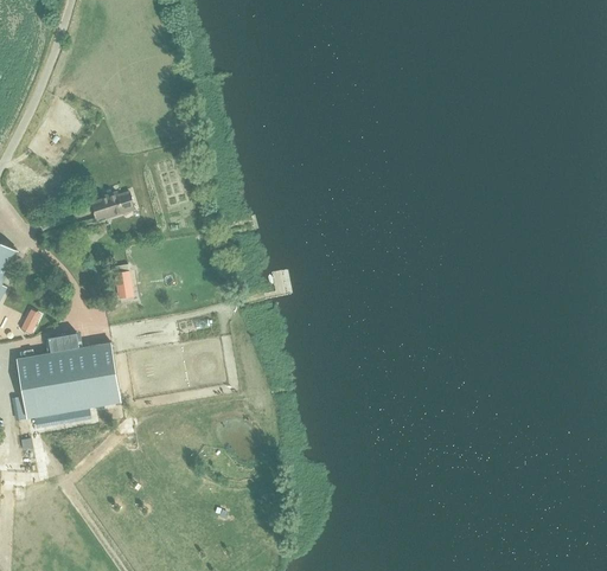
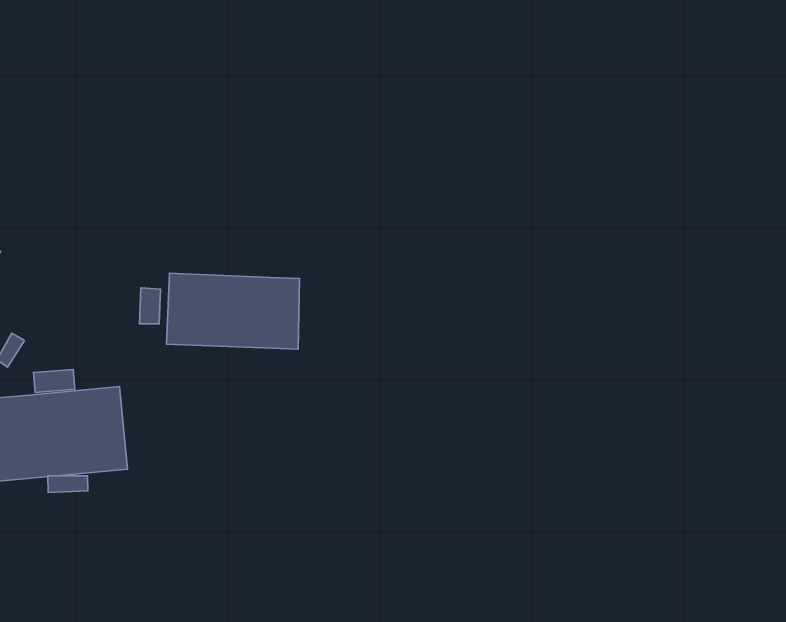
building: [90,192,132,218] -> none
building: none -> [166,273,300,349]

